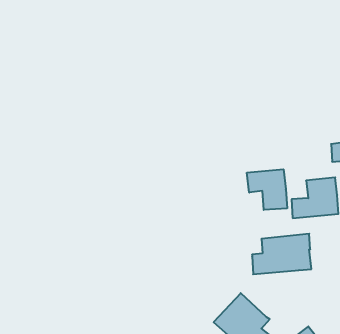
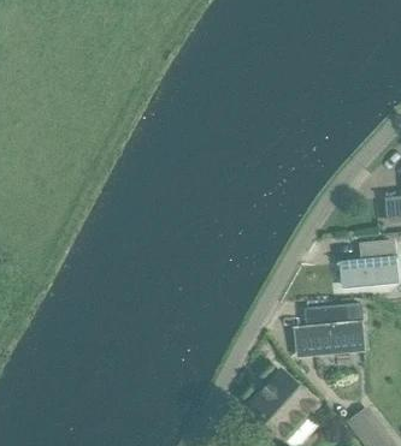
building: [247,169,287,210] -> none

